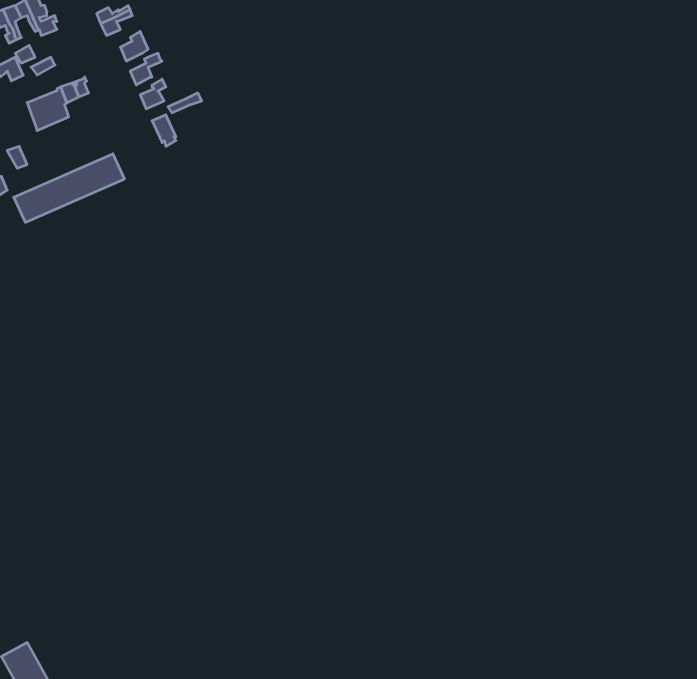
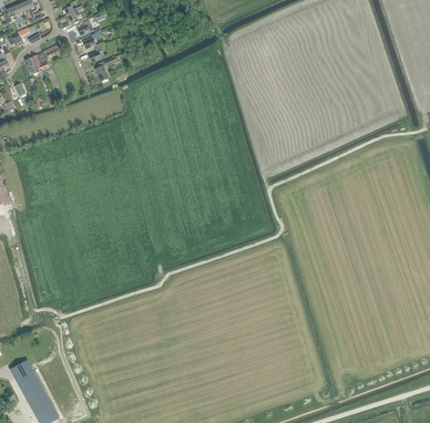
building: [14,154,124,222] -> none

